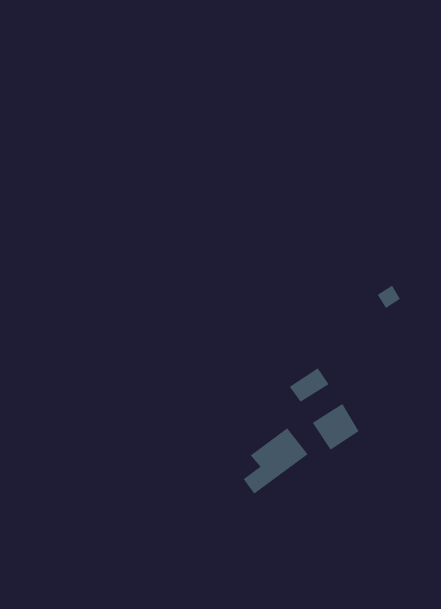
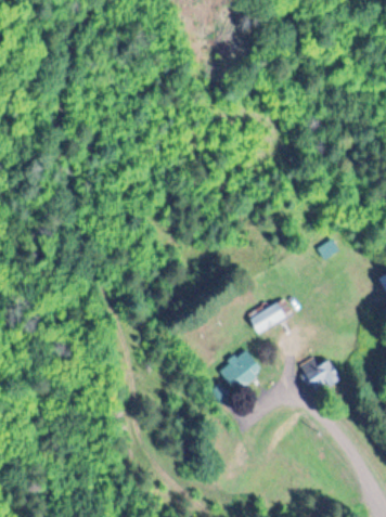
building: [312,403,359,451] -> [307,358,344,395]

